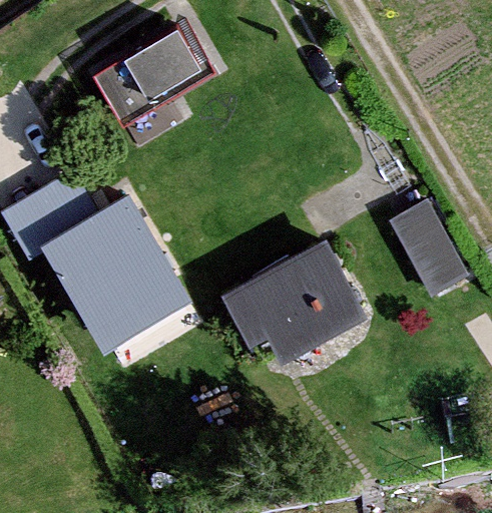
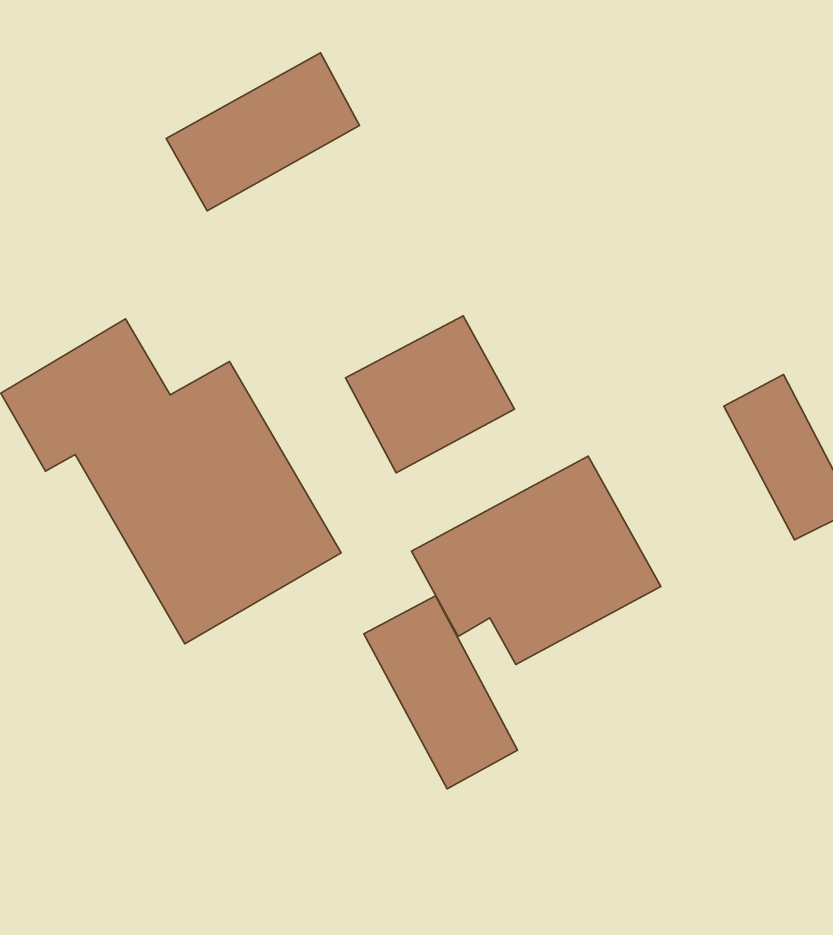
building: none -> [345,316,514,473]
building: none -> [364,596,517,789]

